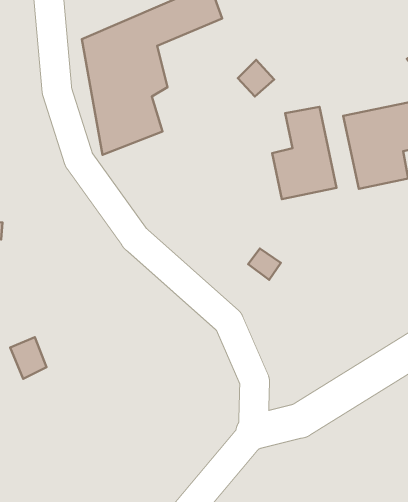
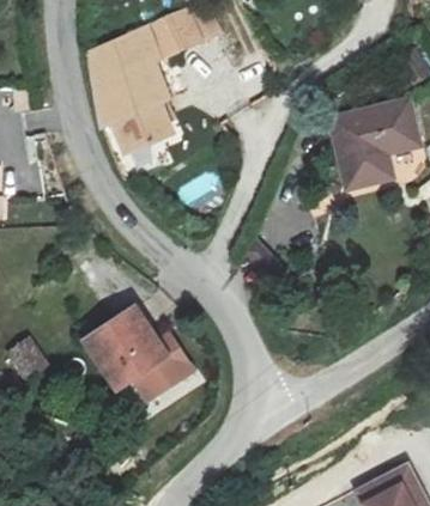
building: [272,107,337,199] -> none
building: none -> [97,316,174,389]

